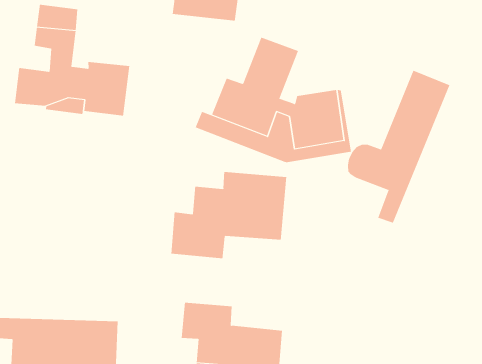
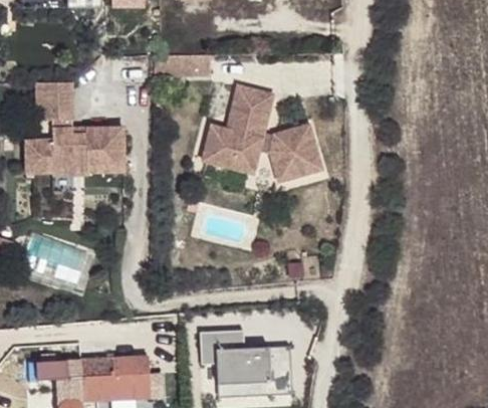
building: [347,70,450,224] -> none
building: [171,171,287,259] -> none

